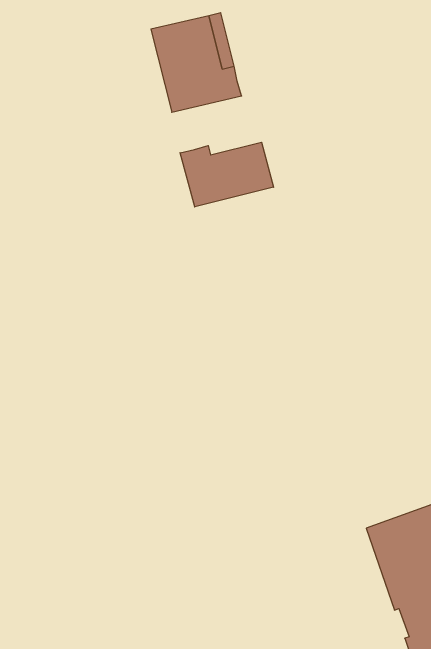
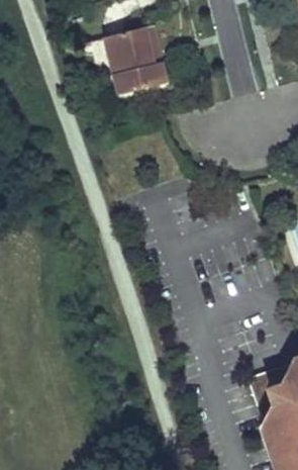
building: [180,142,274,207] -> none

